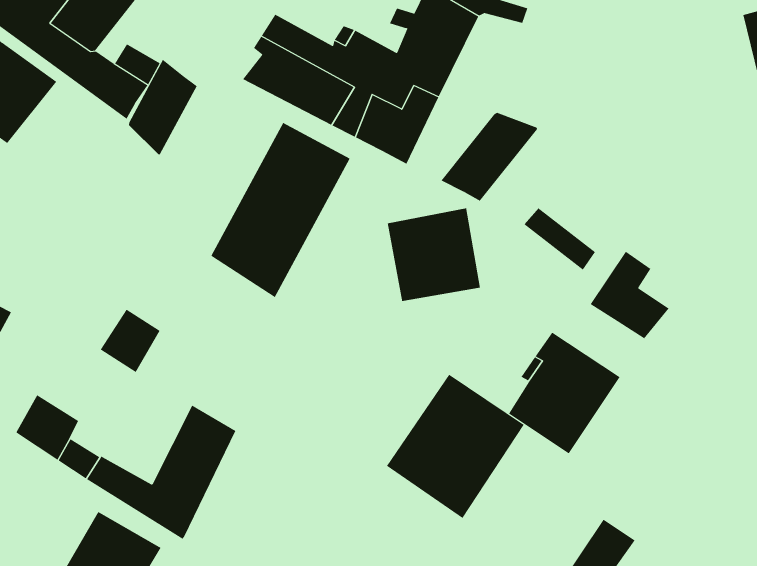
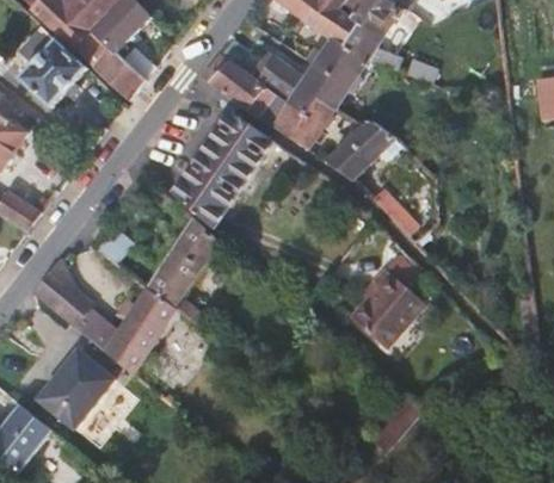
building: [128,59,198,155] -> none
building: [387,207,480,302] -> none
building: [590,251,670,339] -> none
building: none -> [148,217,221,327]
building: [386,374,524,519] -> none

